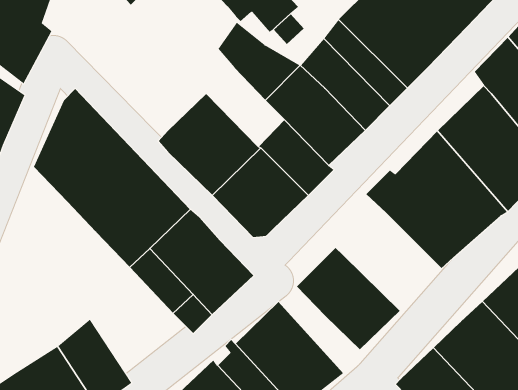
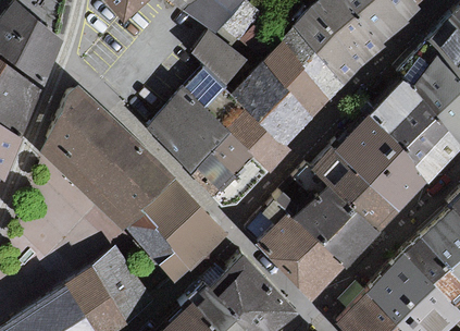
building: none -> [185,68,247,131]
building: none -> [295,184,373,262]
building: none -> [91,252,151,320]

